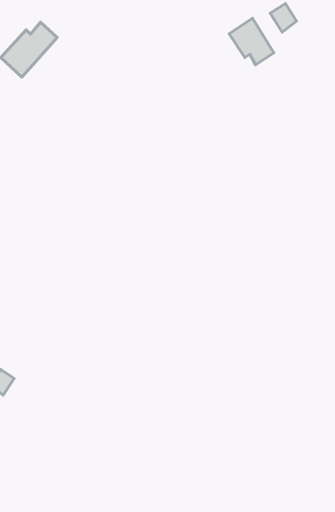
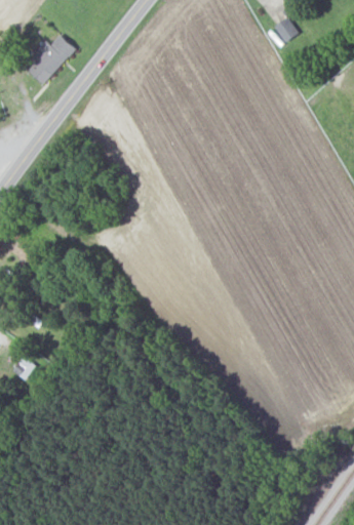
building: [229,18,274,65] -> none

